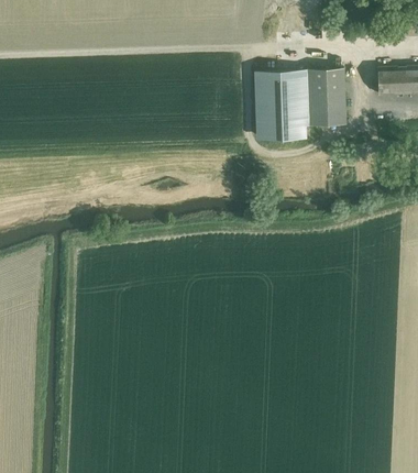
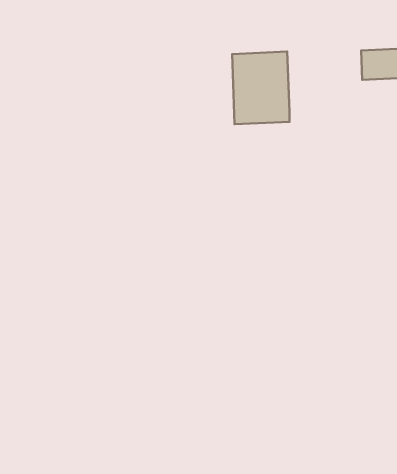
building: [306,69,348,127] -> none

